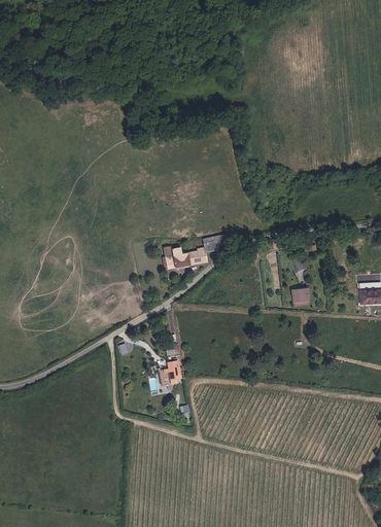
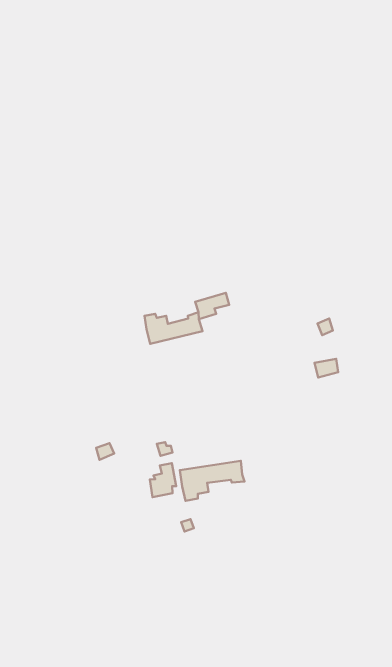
building: none -> [180,461,245,501]

